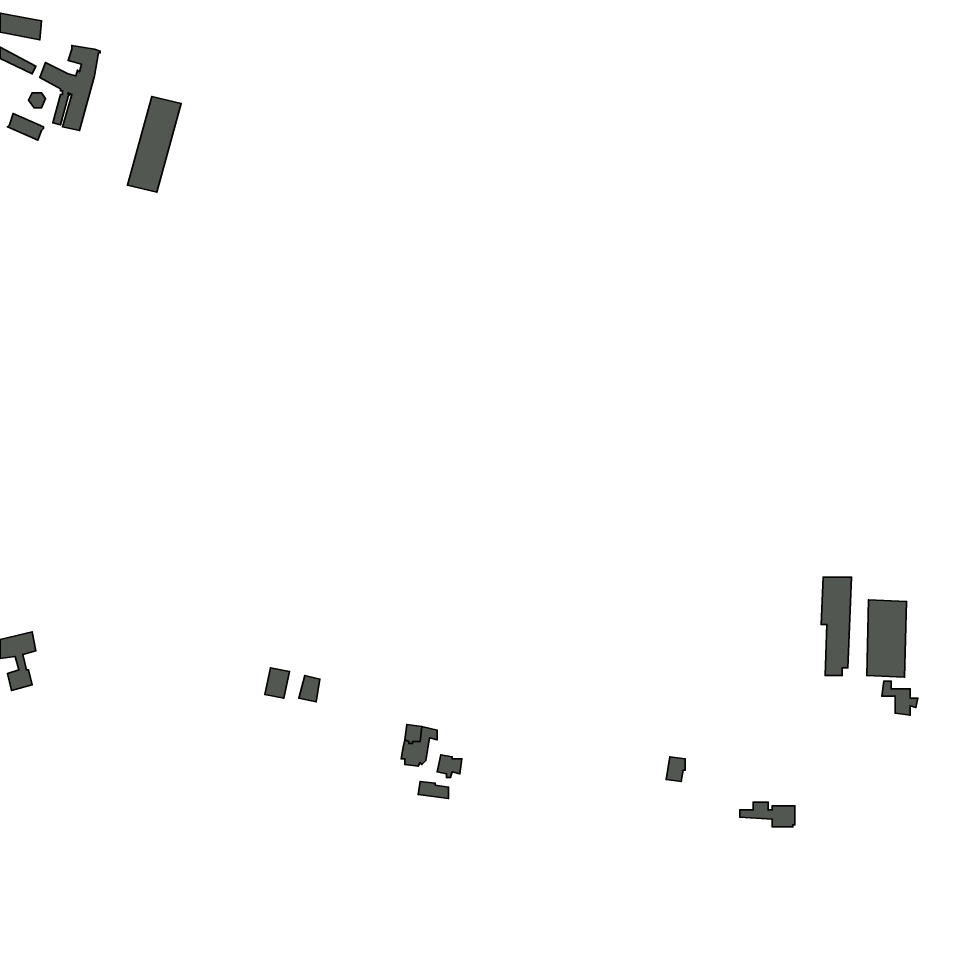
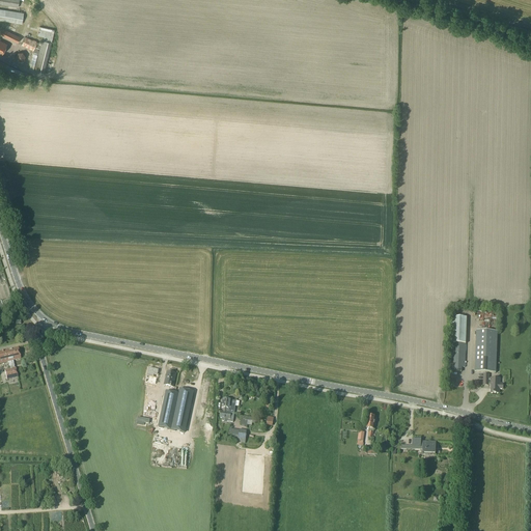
building: [127,97,181,192] -> none
building: none -> [159,388,193,428]

